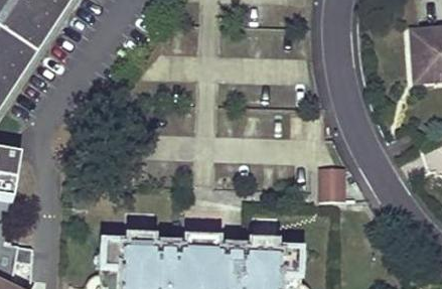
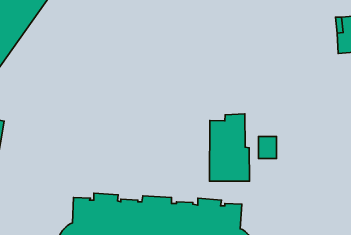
building: none -> [210,114,249,181]

